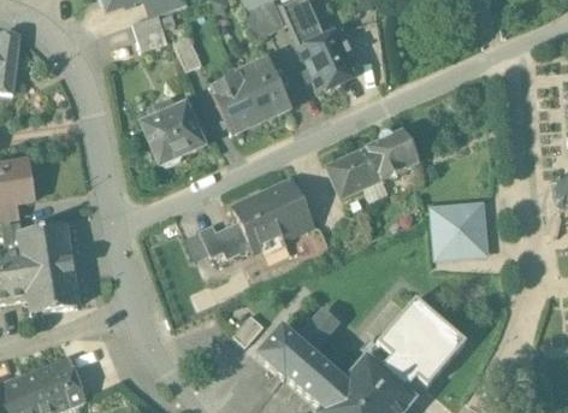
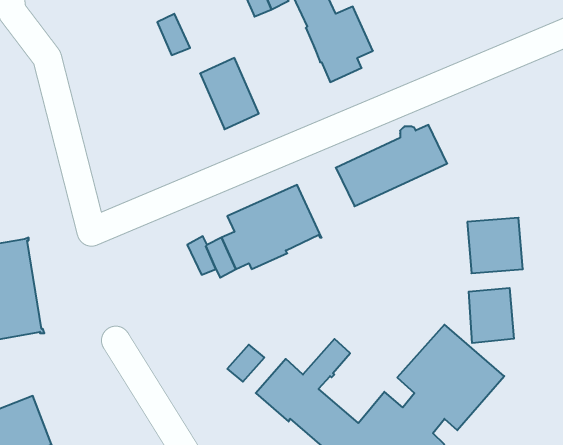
building: [239,59,290,119] -> none
building: [142,98,205,166] -> none
building: none -> [469,288,514,343]

